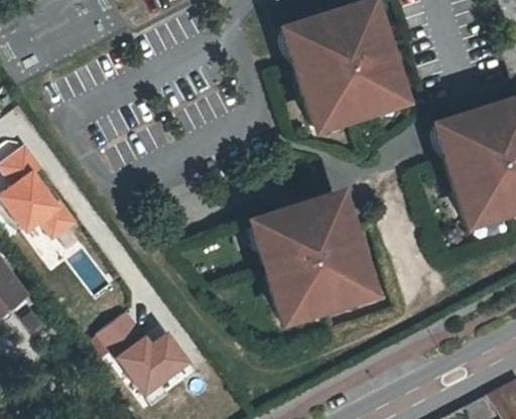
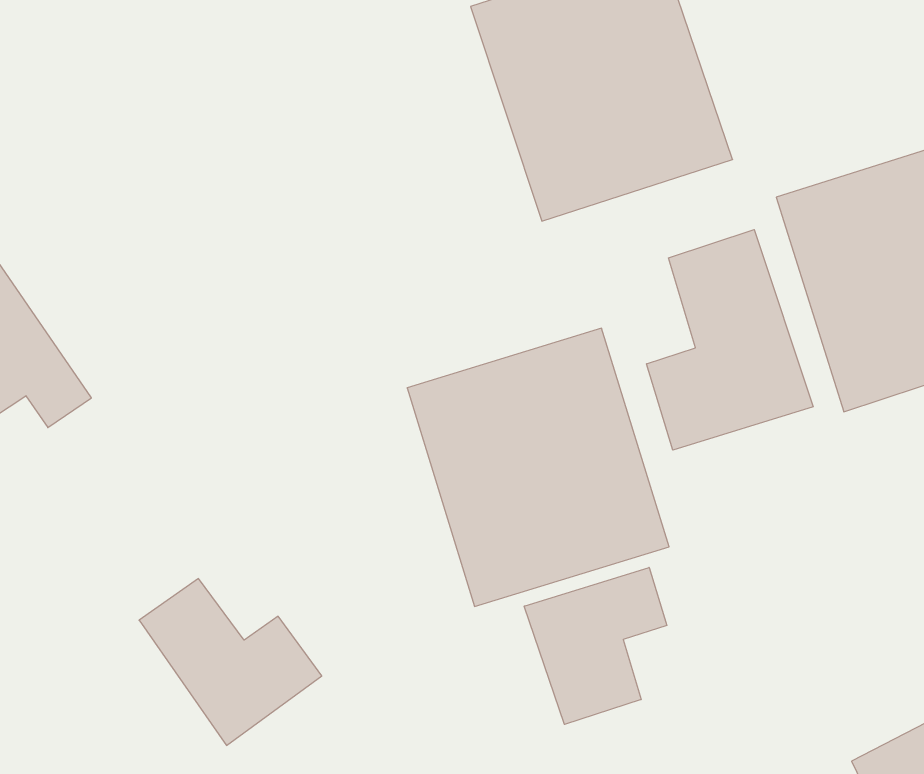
building: none -> [647,230,813,450]
building: none -> [524,567,667,724]

